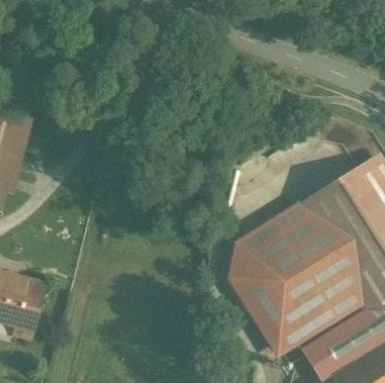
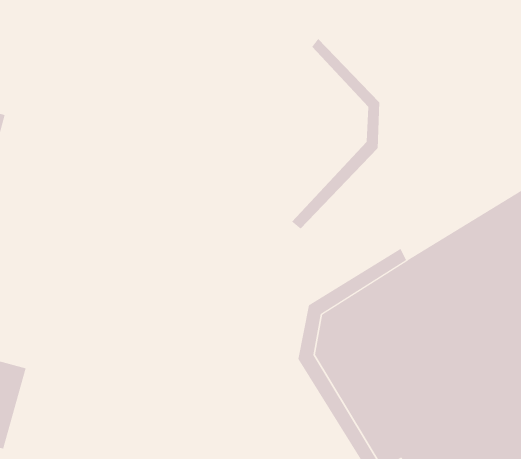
building: none -> [291,38,380,229]

